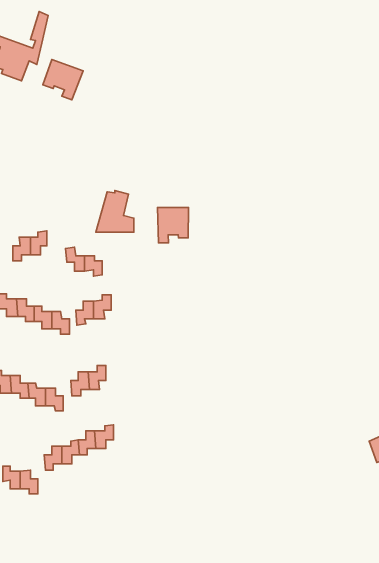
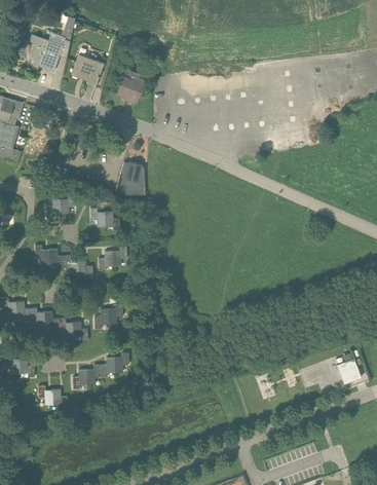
building: none -> [113,74,145,103]
building: [158,207,189,243] -> none

